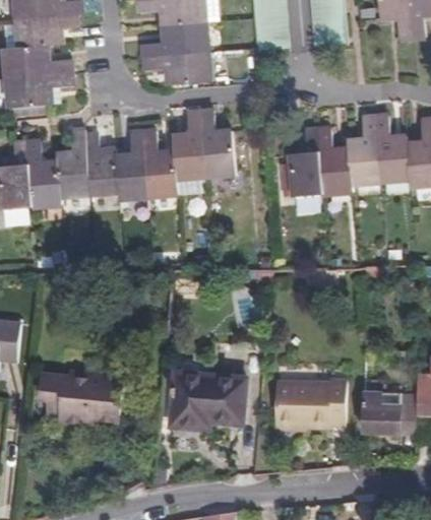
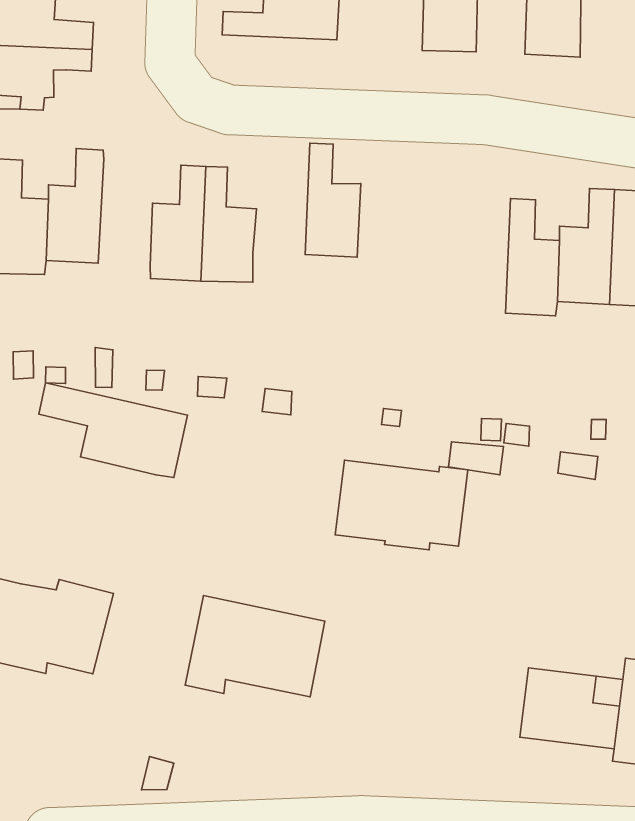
building: [143,51,210,83] -> none
building: [173,111,205,177] -> none
building: [290,128,322,196] -> none
building: [85,133,119,193] -> none
building: none -> [39,383,188,477]
building: [274,392,345,440] -> [335,460,468,550]

